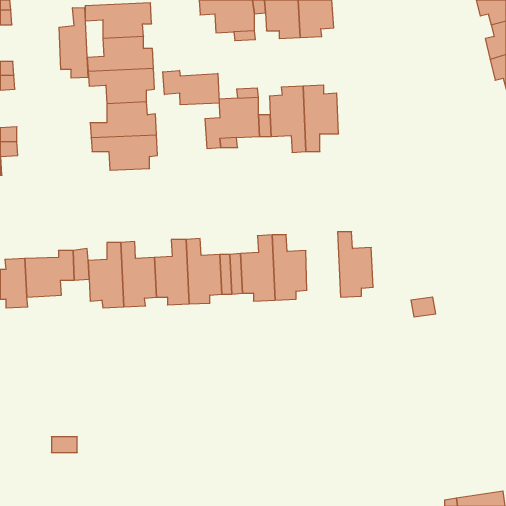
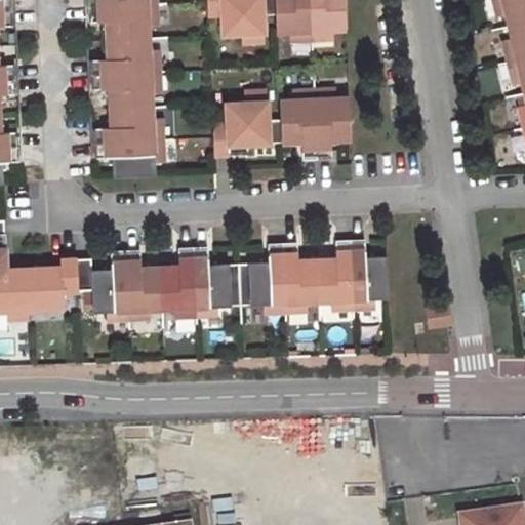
building: [59,8,88,78] -> none
building: [163,70,219,105] -> none
building: none -> [317,240,353,309]

